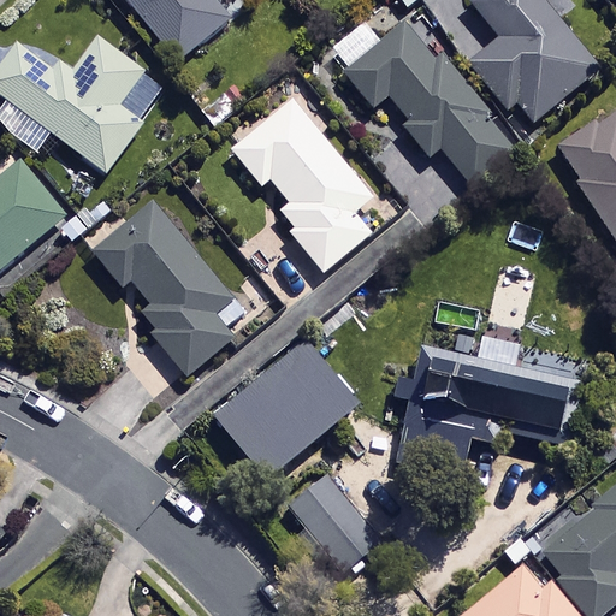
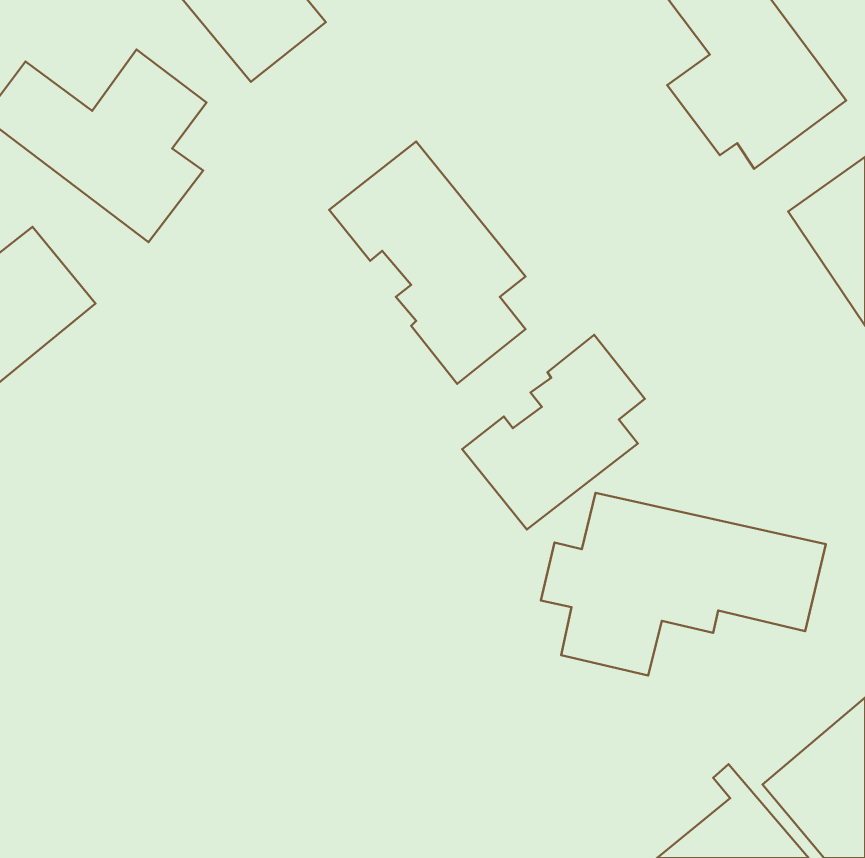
building: [345,23,517,185] -> none
building: [82,201,235,375] -> none
building: none -> [462,335,645,530]
building: [215,340,359,480] -> none
building: [289,474,380,573] -> none

